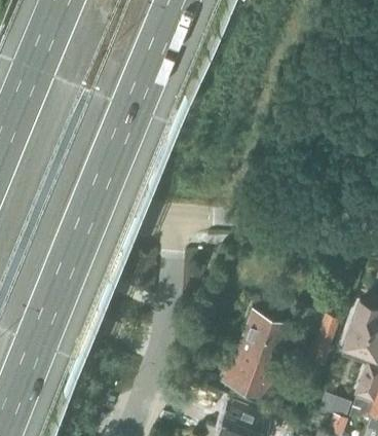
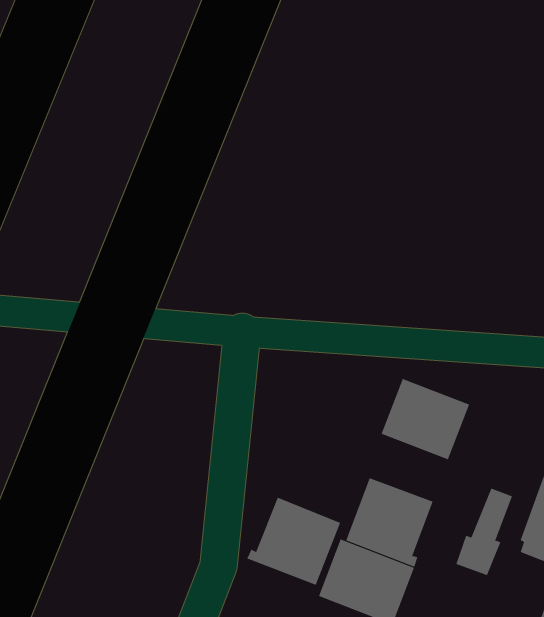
building: none -> [381,378,470,460]
building: none -> [247,497,341,587]

